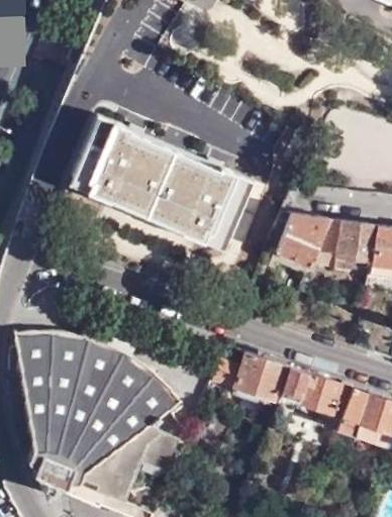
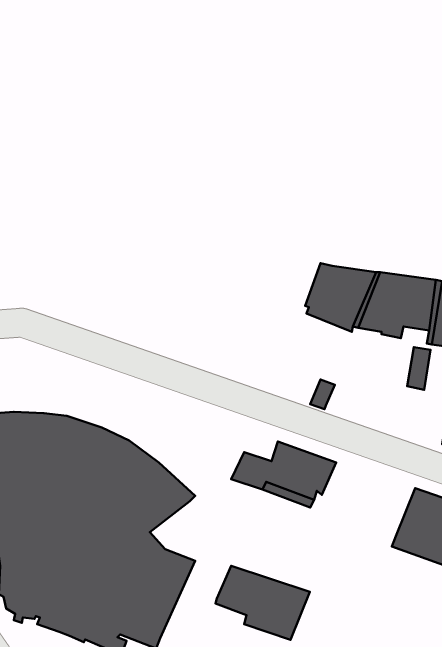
building: [75,121,261,255] -> none
building: [283,369,357,426] -> [216,566,310,640]

